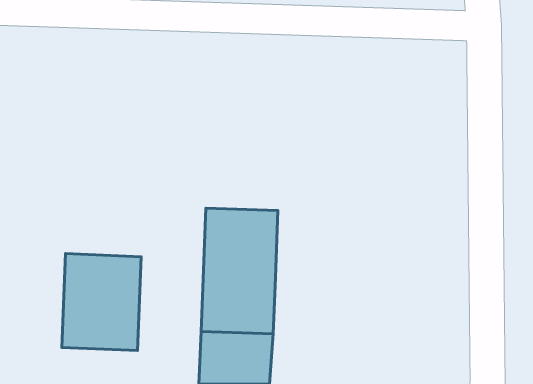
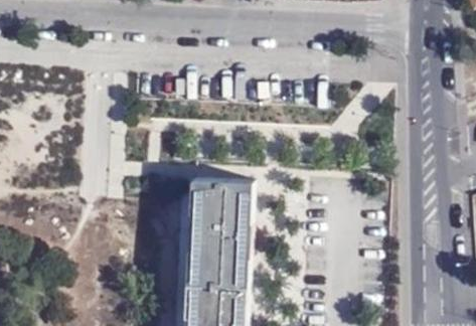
building: [62,254,141,351] -> none

